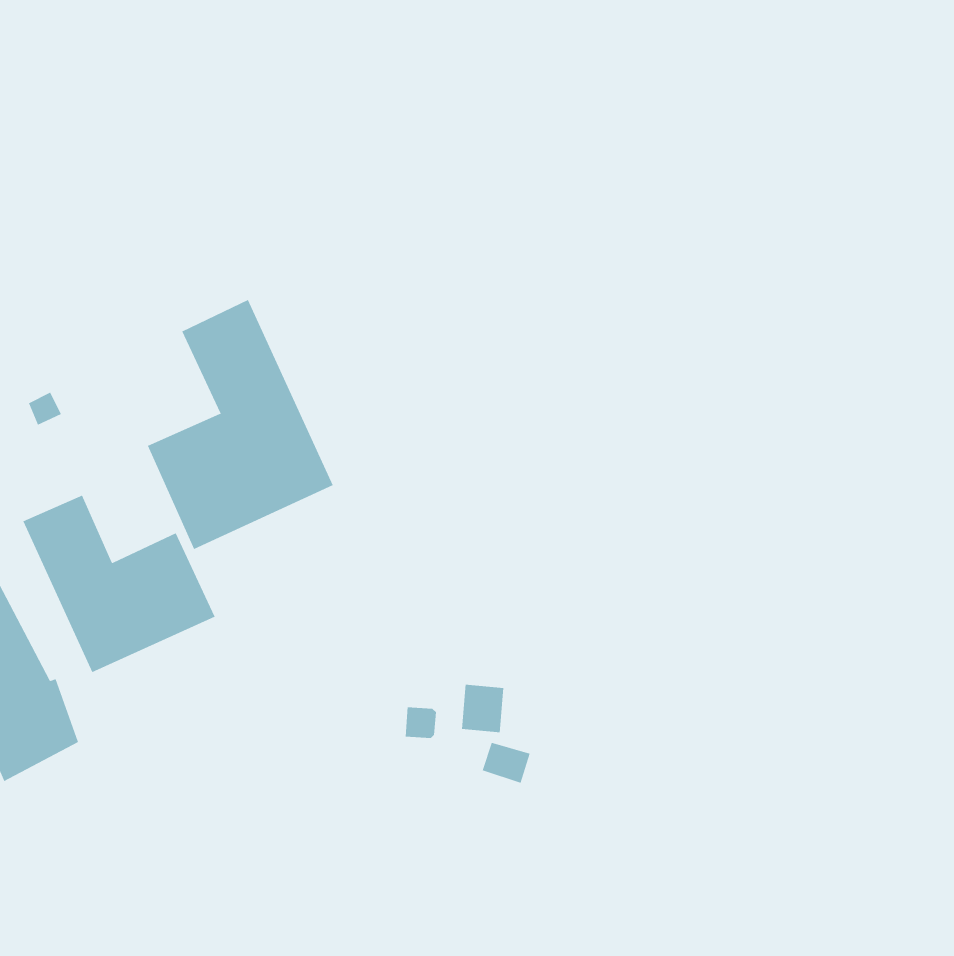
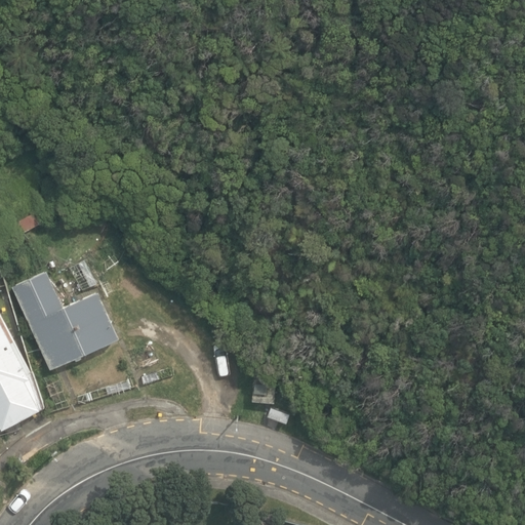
building: [147,299,333,550] -> none

